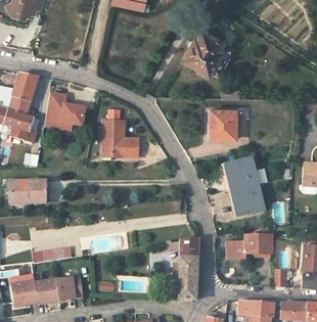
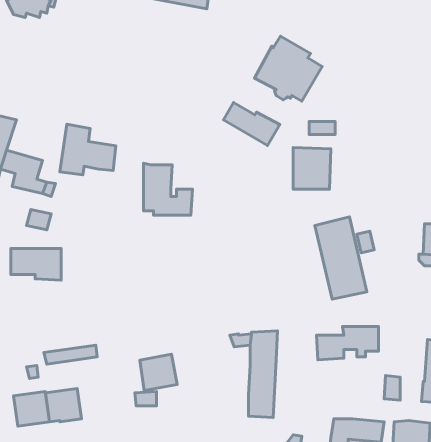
building: [7,73,39,118] -> none
building: none -> [223,102,280,145]
building: [57,275,84,301] -> [140,354,177,390]

